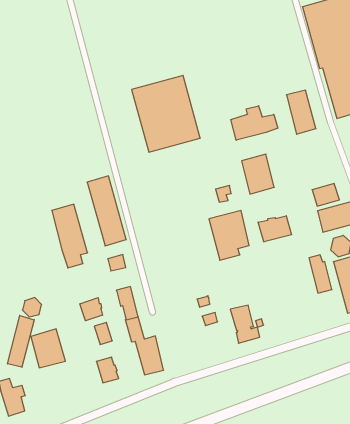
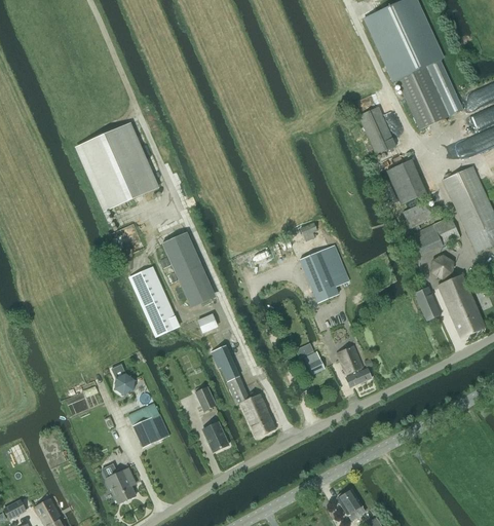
building: [132,75,200,152] -> [75,125,156,213]
building: [231,106,278,140] -> none
building: [242,154,274,194] -> [387,159,426,204]
building: [258,216,291,242] -> none
building: [80,298,103,321] -> none
building: [8,315,34,367] -> none

